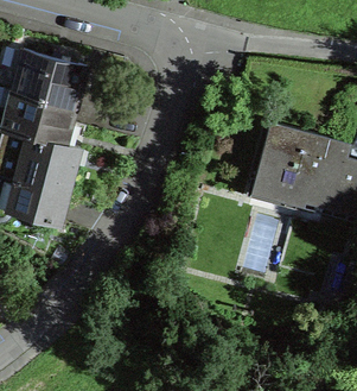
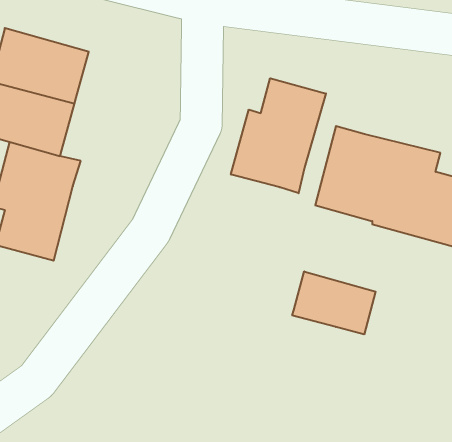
building: none -> [231,78,326,193]
building: none -> [292,271,376,334]

